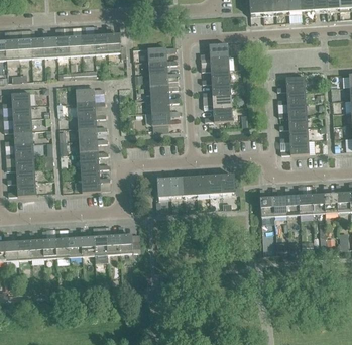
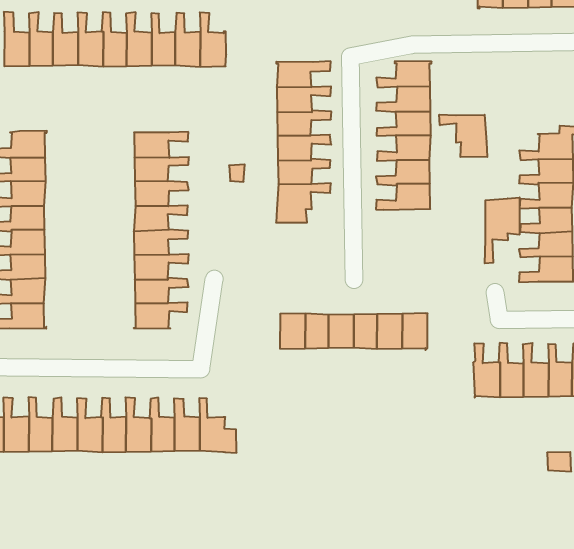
building: none -> [439,115,487,157]
building: none -> [485,197,520,263]

